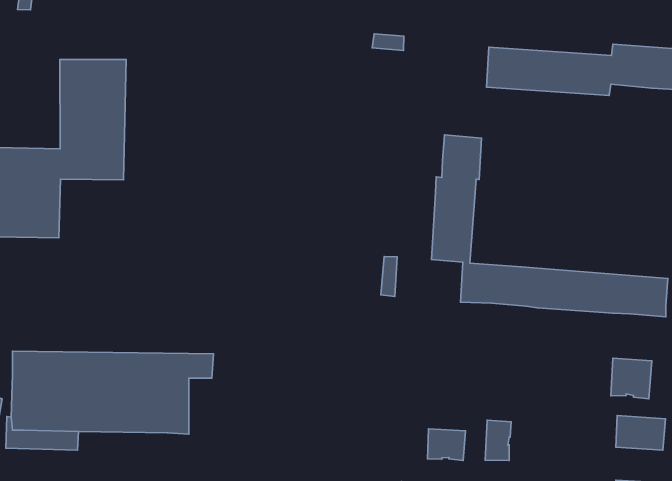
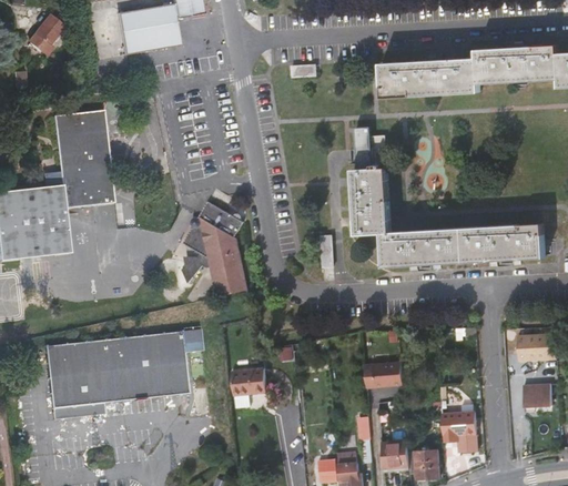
building: none -> [181,200,246,297]
building: [611,358,652,399] -> none
building: none -> [232,367,266,407]
building: [485,420,511,460] -> none

